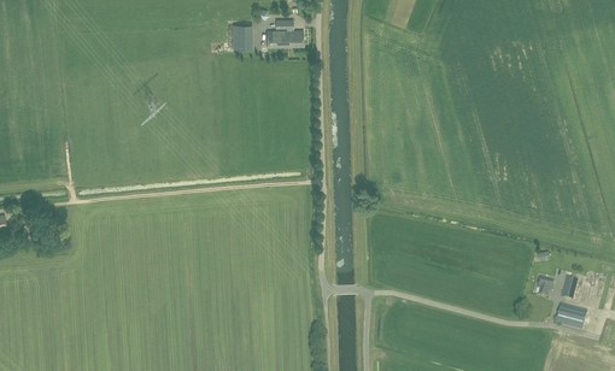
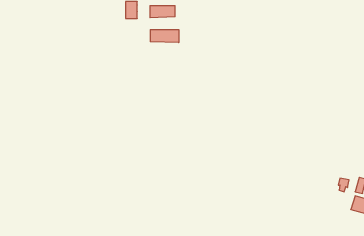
building: none -> [150,30,179,43]

